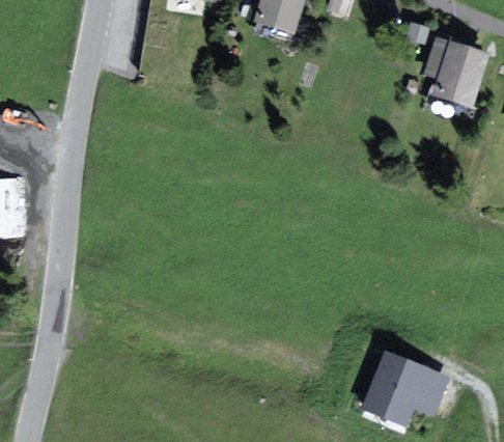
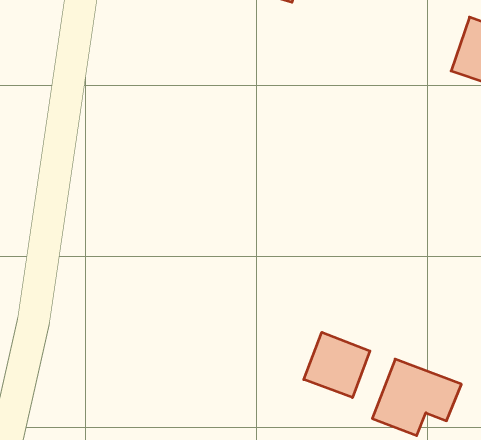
building: none -> [304,332,370,398]

